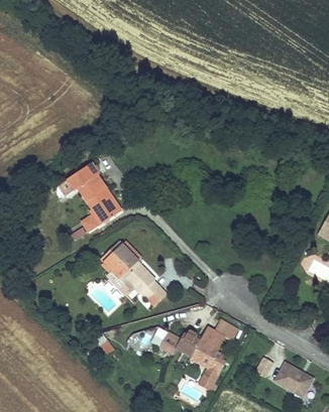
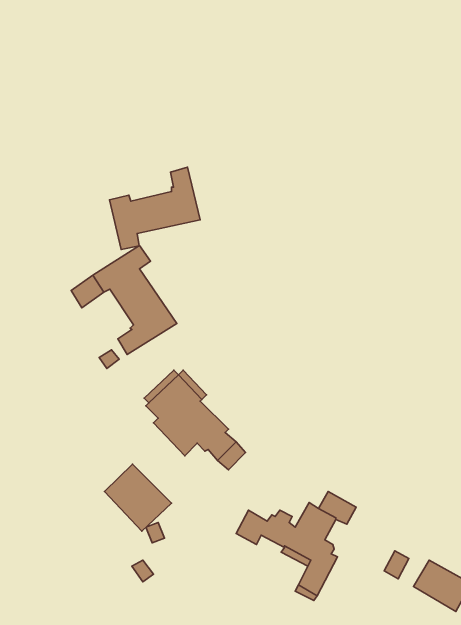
building: none -> [110,167,200,249]
building: none -> [105,464,172,531]

